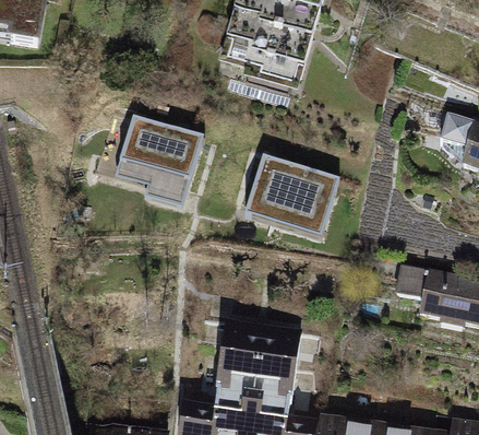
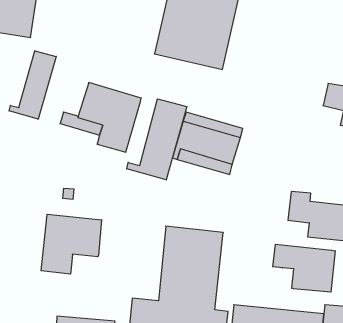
building: none -> [9,51,56,119]
building: none -> [127,99,187,180]
building: none -> [41,214,101,274]
building: none -> [273,244,335,292]

